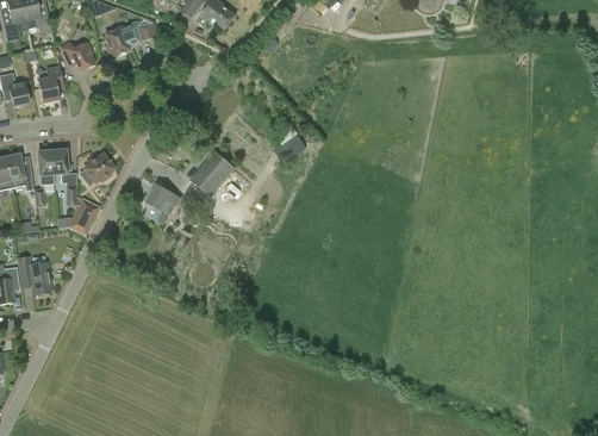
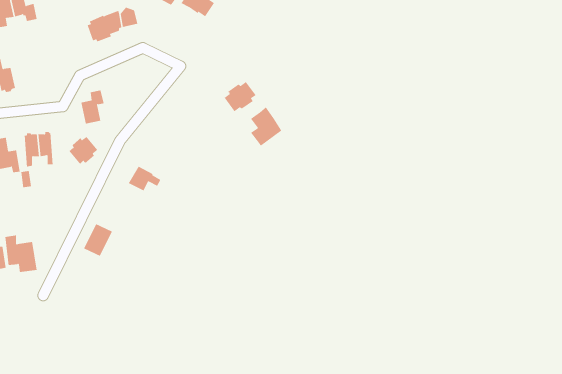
building: [60,42,94,70] -> none
building: [37,67,62,102] -> [81,90,105,124]
building: none -> [224,81,257,112]
building: [182,149,235,197] -> none
building: [67,200,98,235] -> [83,223,113,257]

